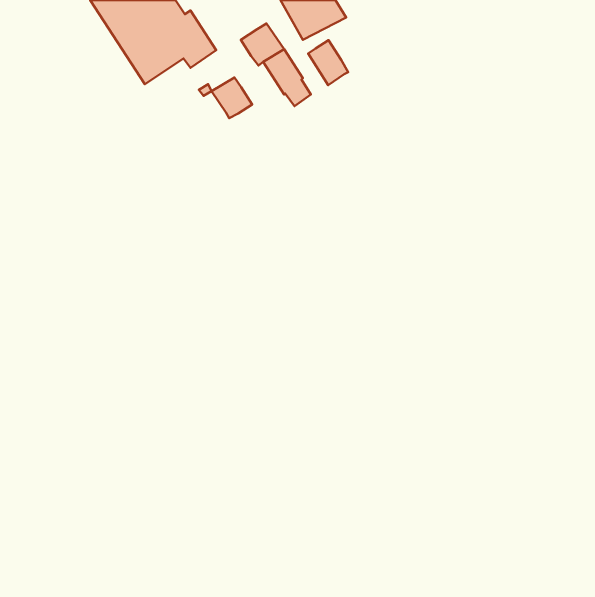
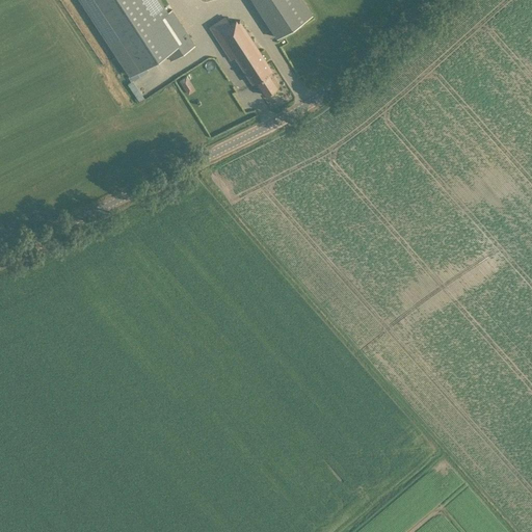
building: [308,40,348,85] -> none
building: [212,77,252,118] -> none

